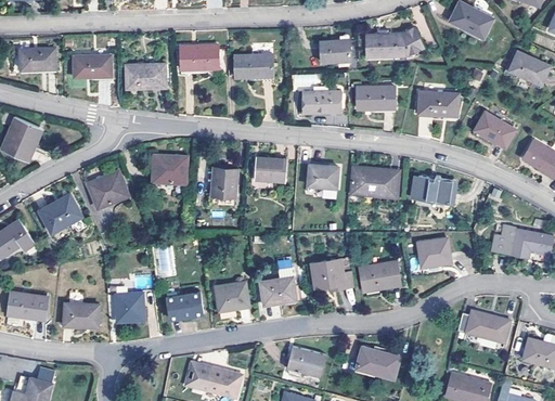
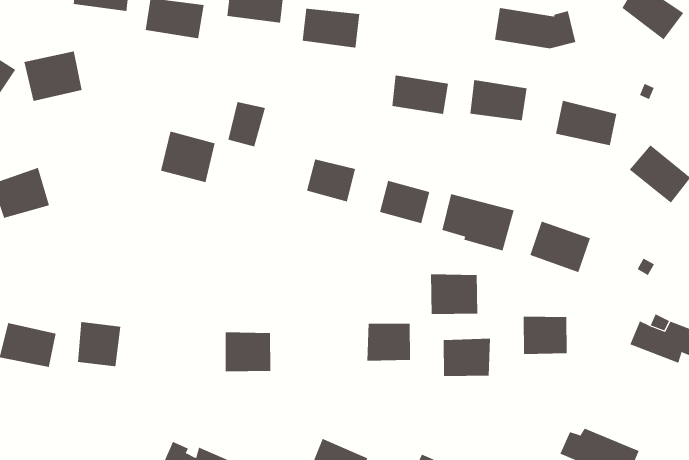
building: [321,40,349,62] -> none
building: [214,168,236,197] -> [227,101,266,147]
building: [87,169,130,208] -> [23,51,82,101]
building: none -> [430,273,478,315]
building: [260,277,297,306] -> none
building: [165,290,204,321] -> none

